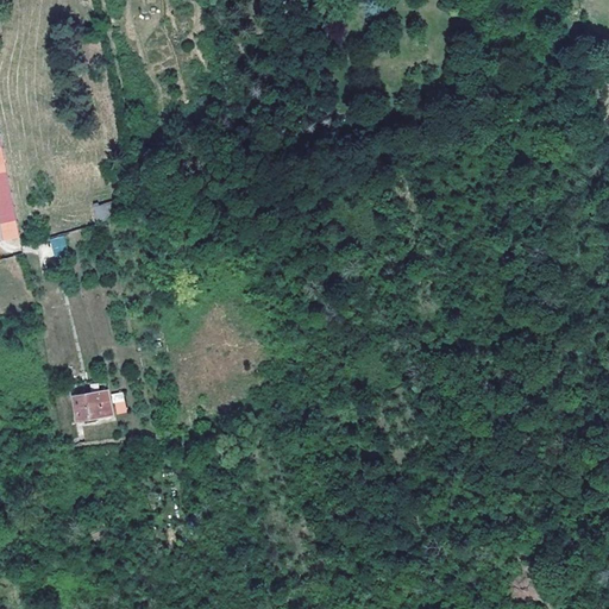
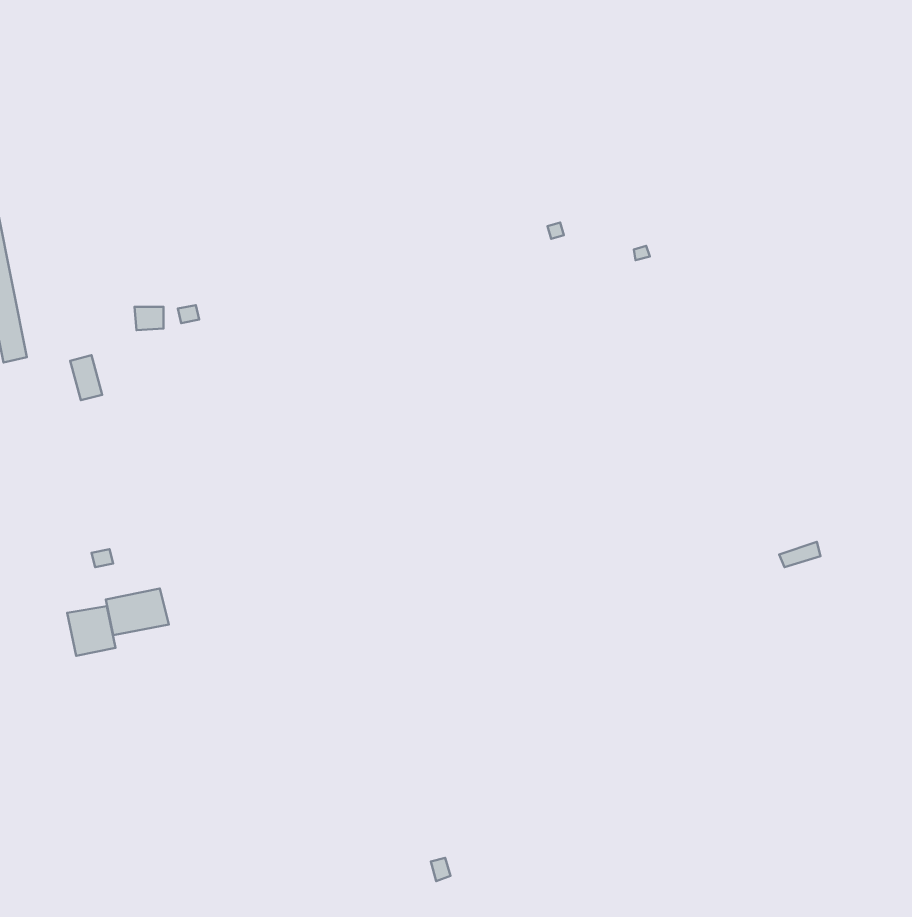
building: none -> [67,606,115,656]

